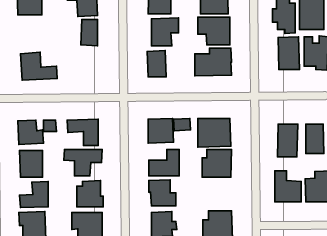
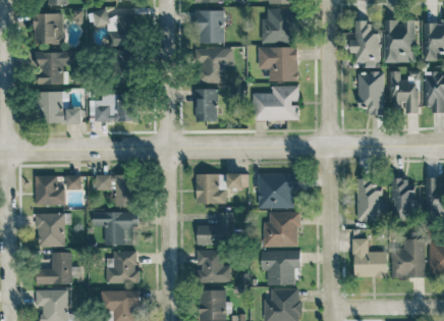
building: none -> [32,52,73,85]
building: none -> [90,93,135,121]
building: none -> [261,250,300,285]

